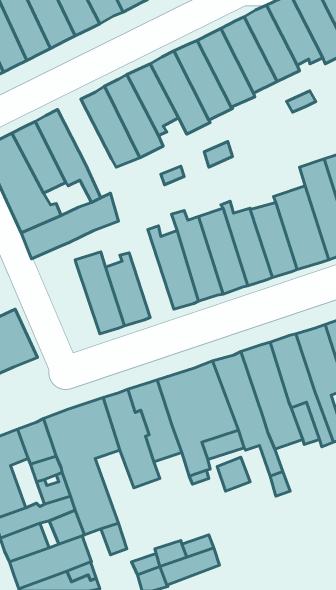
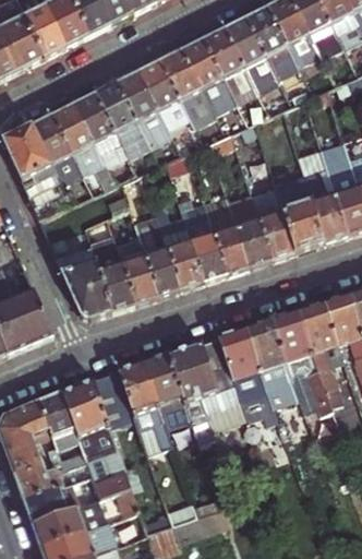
building: none -> [73,93,123,154]
building: none -> [135,214,181,296]
building: none -> [57,246,112,318]

